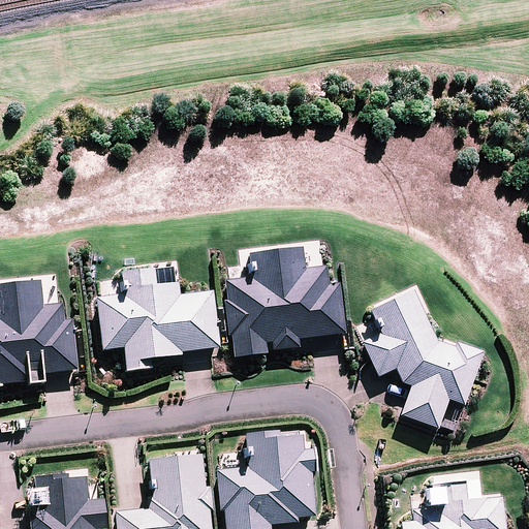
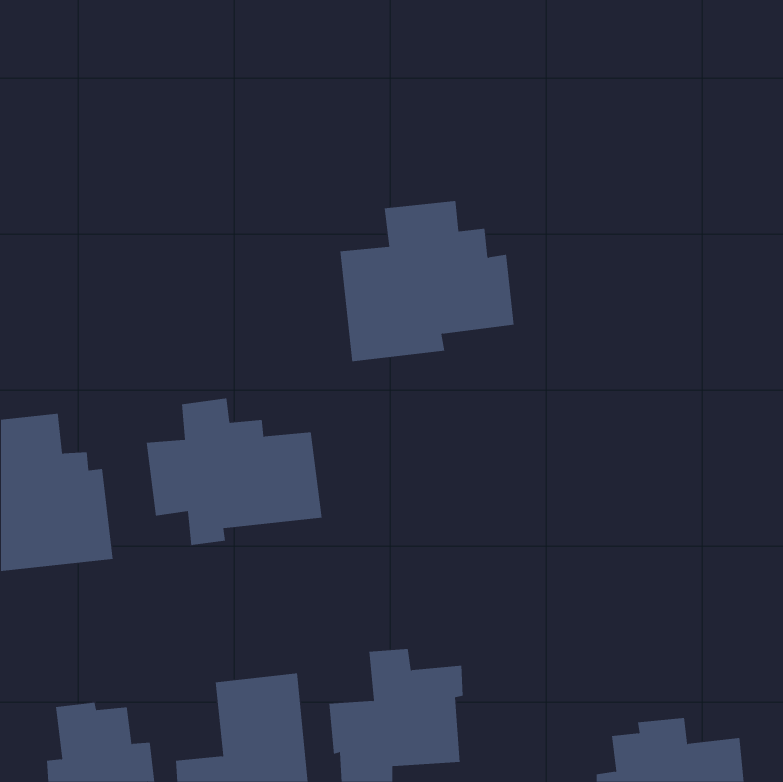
building: [224,247,342,355] -> [339,200,514,362]
building: [362,290,483,433] -> none

